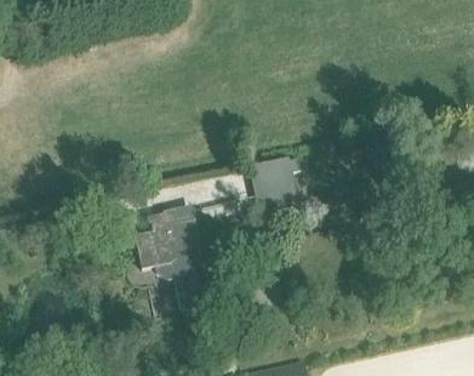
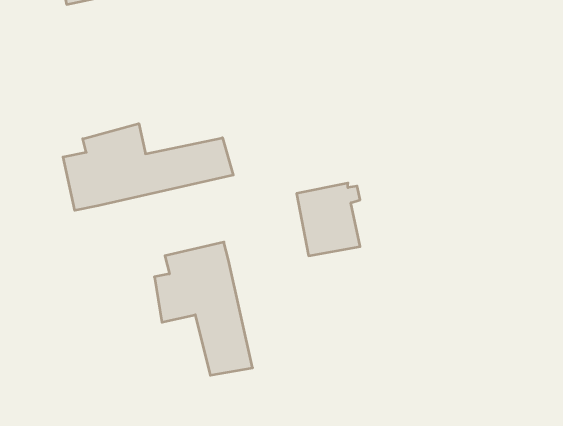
building: none -> [63,124,233,210]

